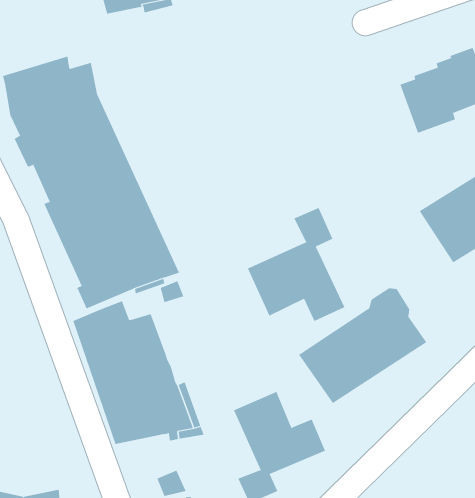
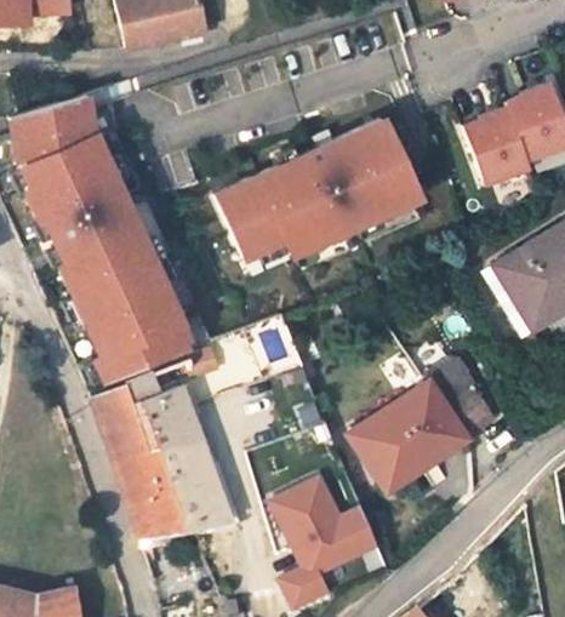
building: none -> [215,120,418,258]
building: [247,207,345,322] -> none

